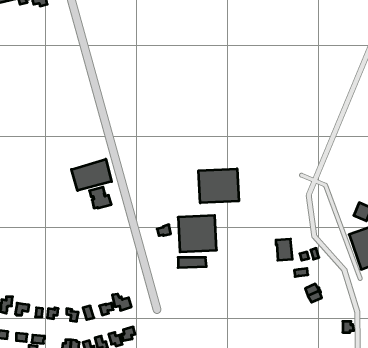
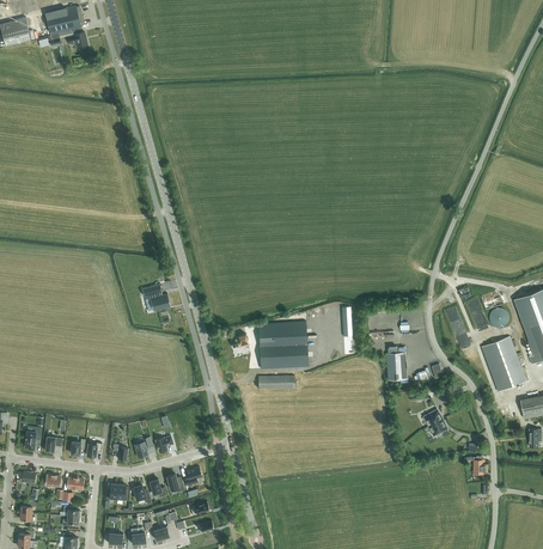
building: [71,159,112,191] -> none
building: [199,169,239,203] -> none

